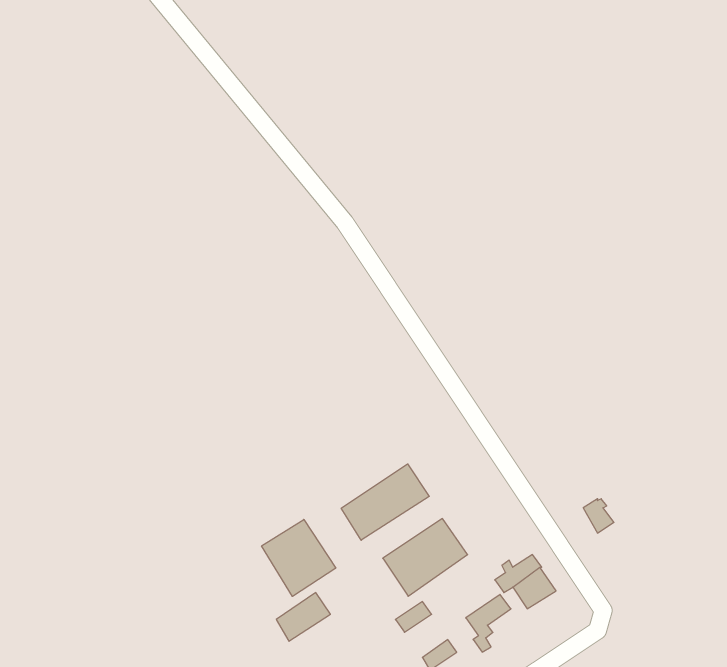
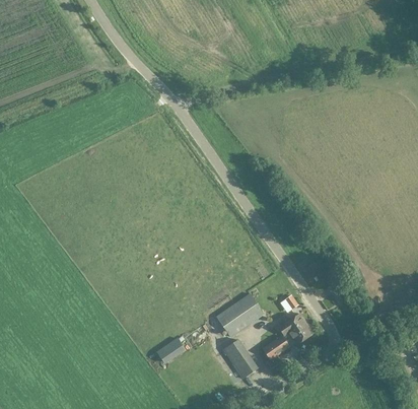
building: [341,464,429,540] -> none
building: [262,519,336,596] -> none

